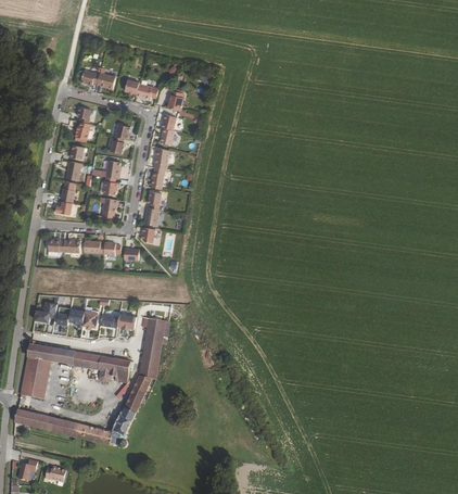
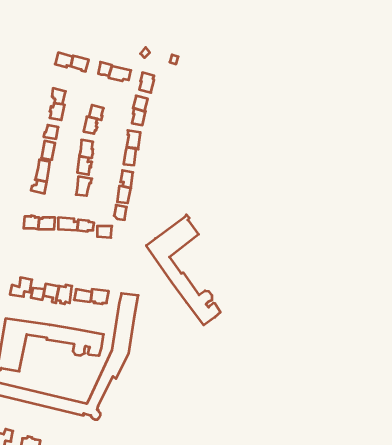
building: none -> [146,215,220,325]

